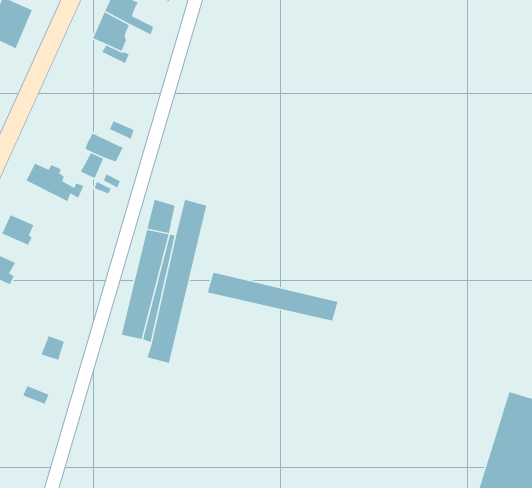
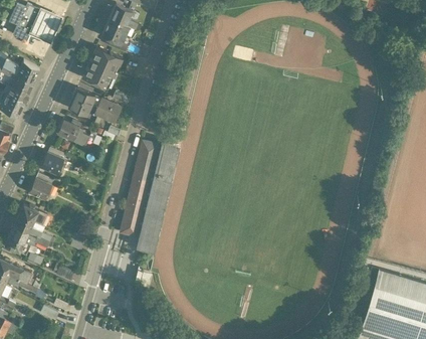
building: none -> [81,46,121,87]
building: none -> [68,87,100,114]
building: [207,272,338,322] -> none

